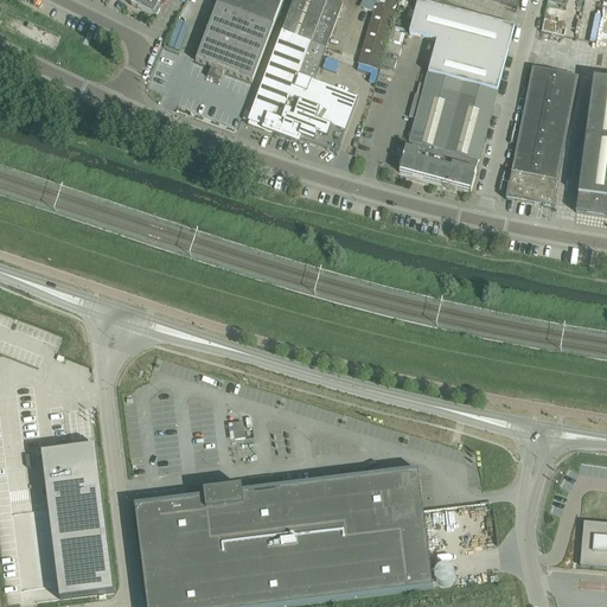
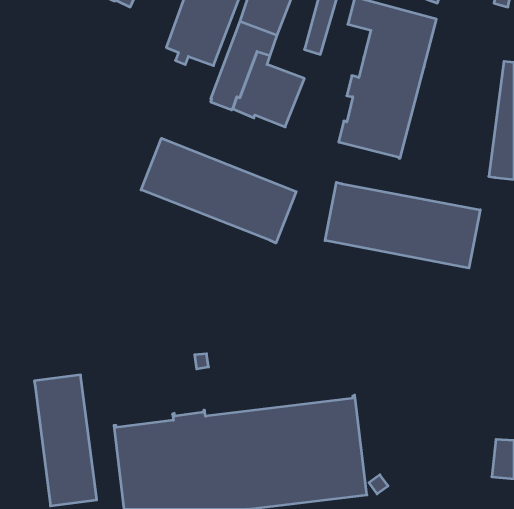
building: [505,63,577,203] -> none
building: none -> [141,138,296,243]
building: none -> [325,182,480,268]

